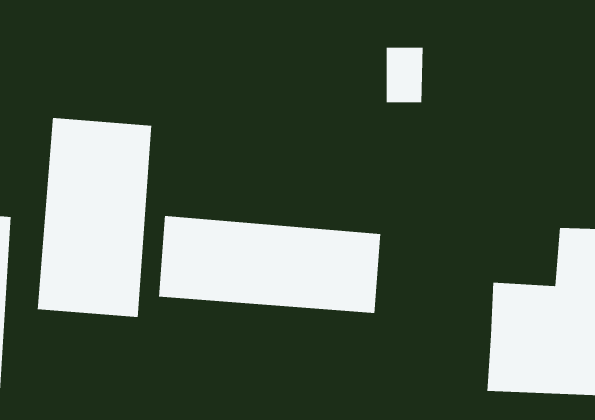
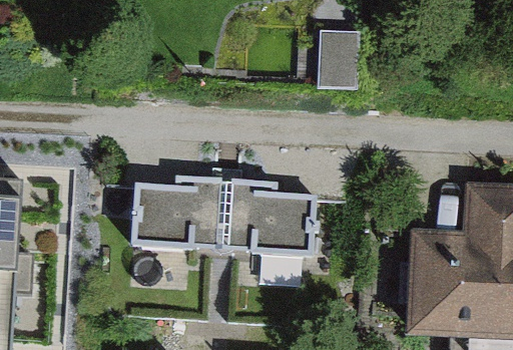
building: [37,117,152,318] -> none

